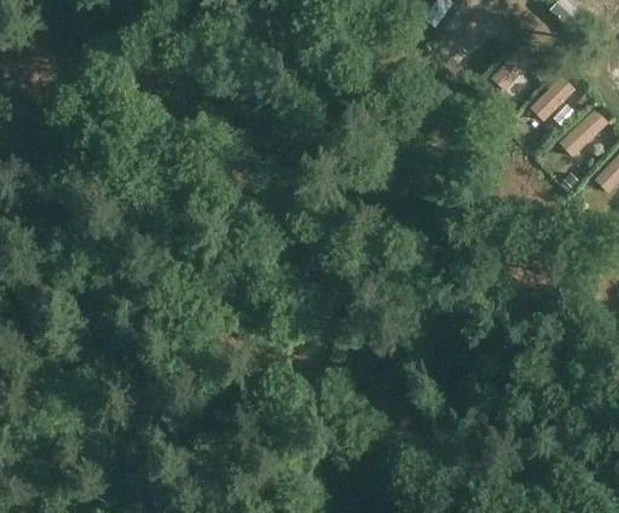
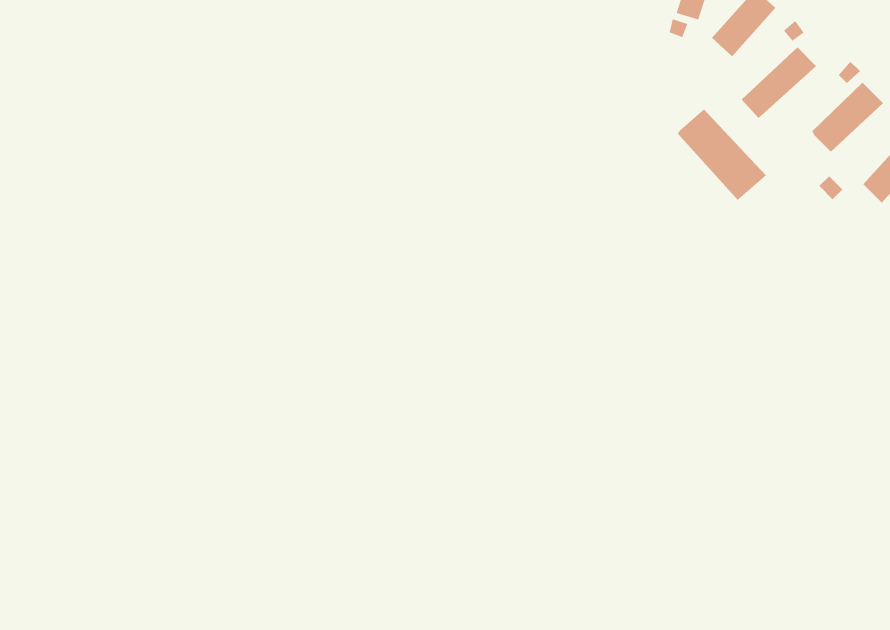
building: none -> [677,109,767,201]

